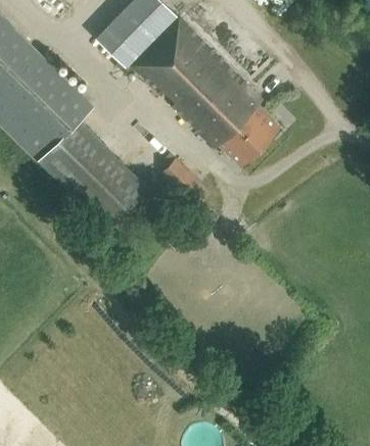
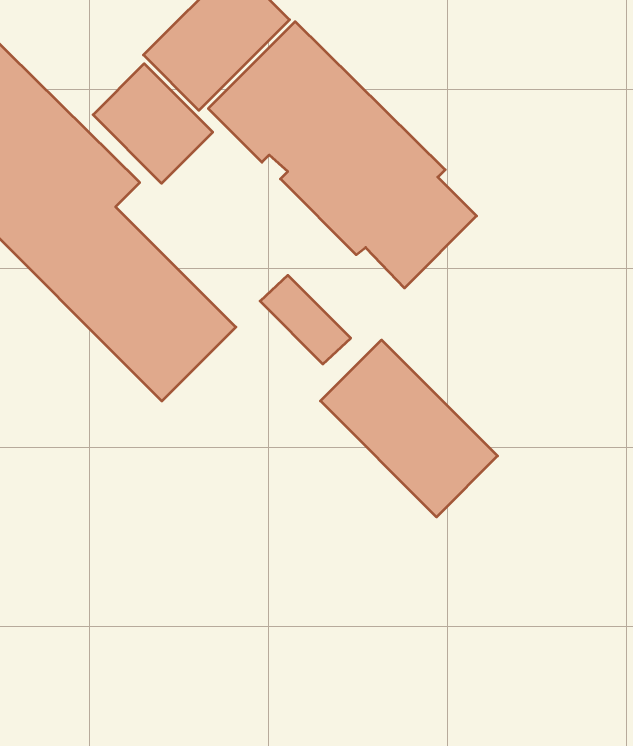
building: none -> [93,64,213,183]
building: none -> [320,340,498,517]

